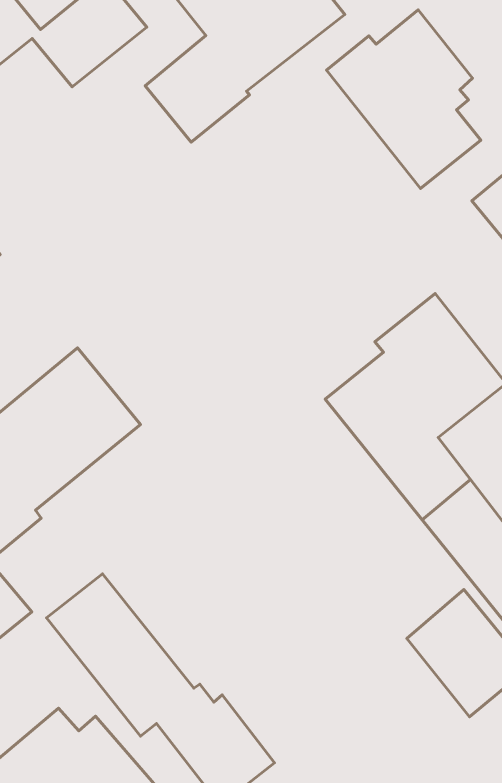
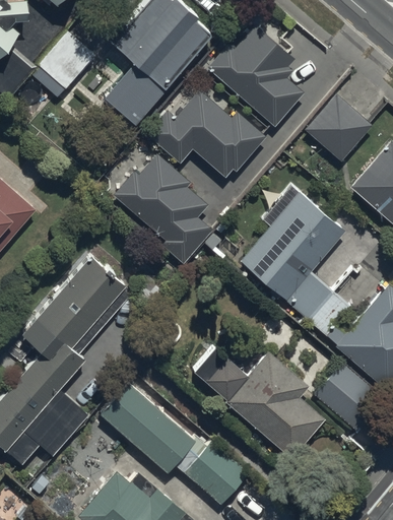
building: none -> [146,88,267,178]
building: none -> [114,153,212,264]
building: none -> [194,346,325,457]

